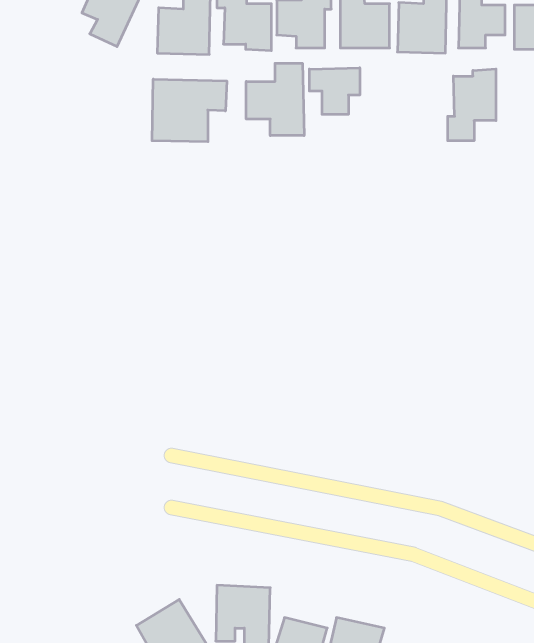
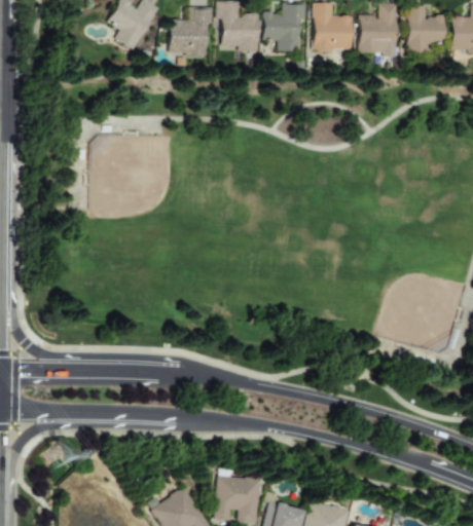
building: [246,63,304,136] -> none
building: [309,68,360,114] -> none
building: [448,69,496,141] -> none
building: [152,79,227,142] -> none

